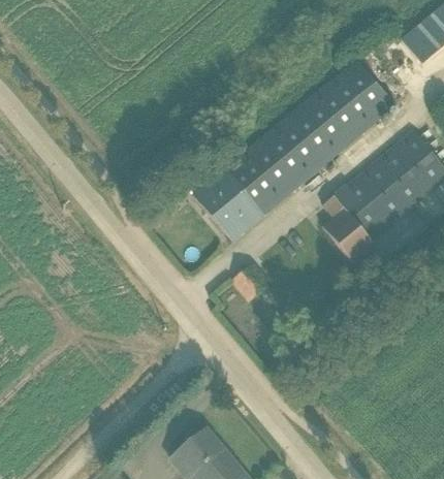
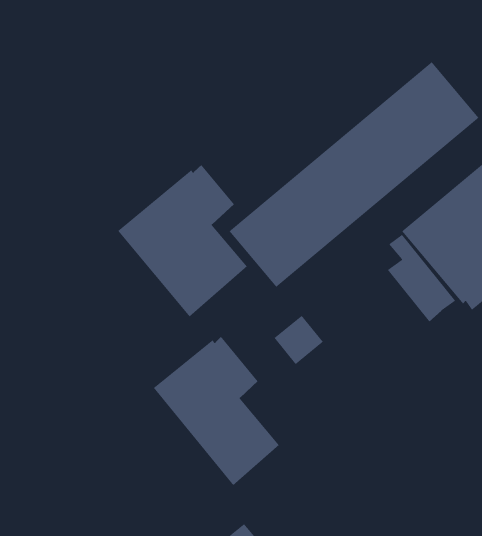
building: none -> [117,164,248,318]
building: none -> [153,336,280,486]

